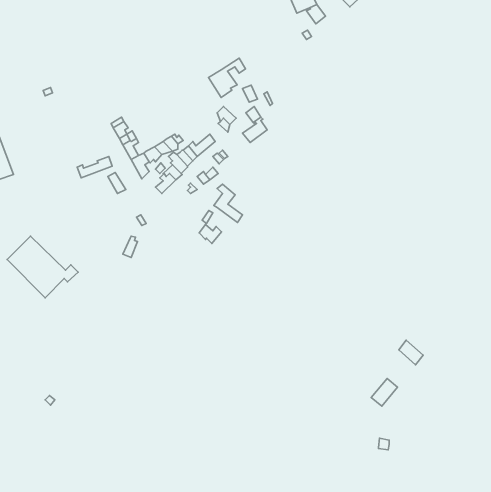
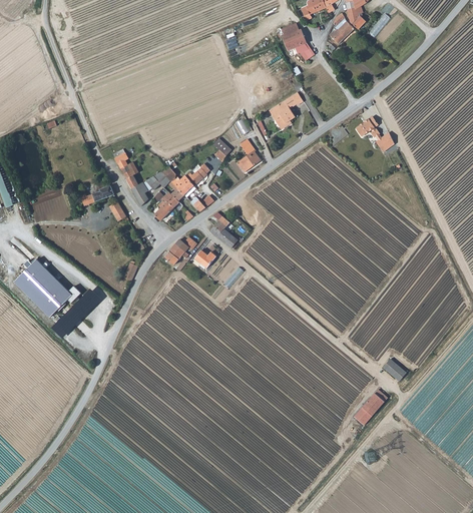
building: [208,58,245,98] -> [269,91,304,128]
building: none -> [356,115,392,147]
building: none -> [164,236,196,265]

